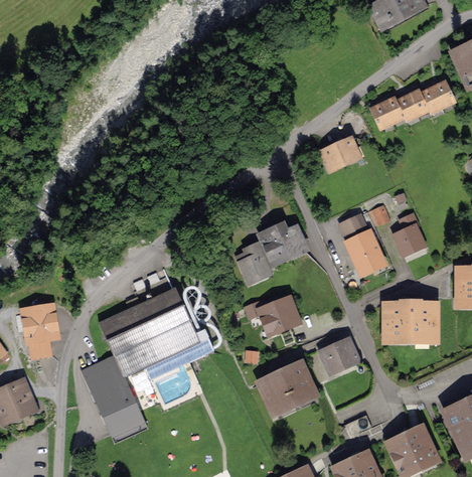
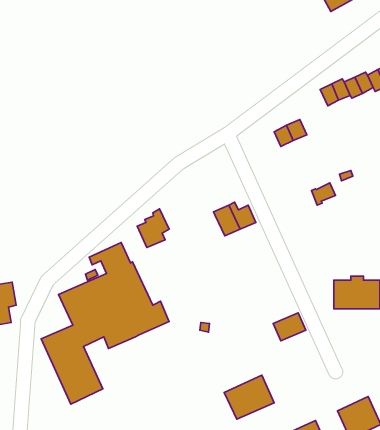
building: [396,213,424,253] -> none
building: [341,215,381,271] -> none
building: [240,240,273,280] -> [137,209,169,247]
building: [246,300,297,330] -> none
building: [262,364,314,411] -> [224,375,274,419]

